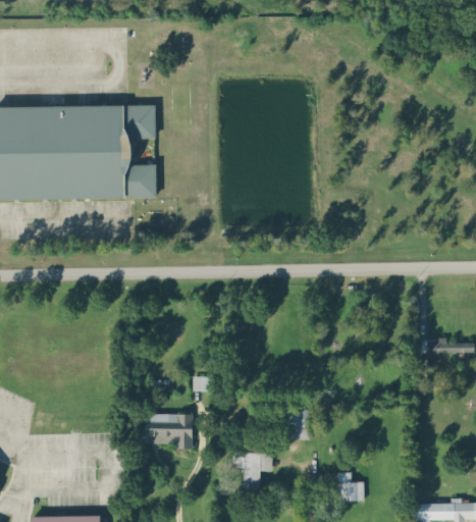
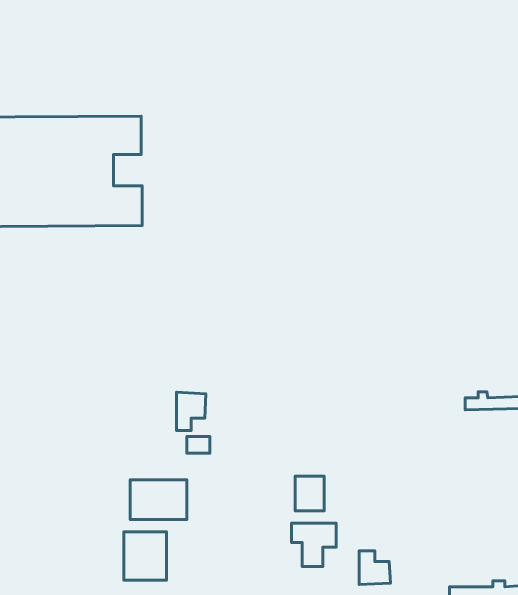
building: none -> [176,392,206,431]
building: [233,452,271,488] -> [291,523,336,567]
building: none -> [124,532,166,580]

